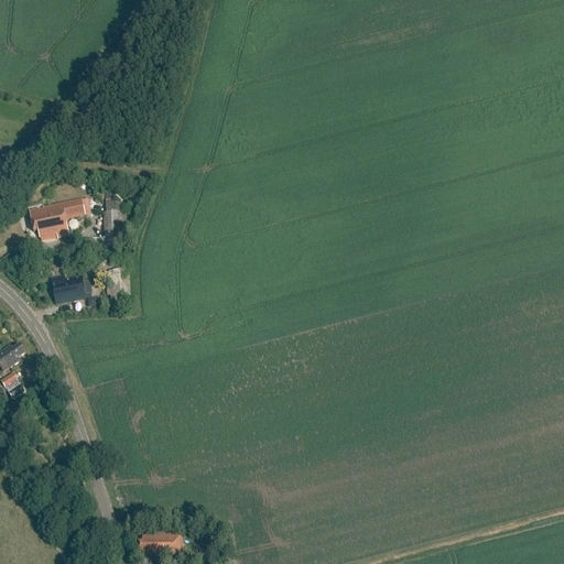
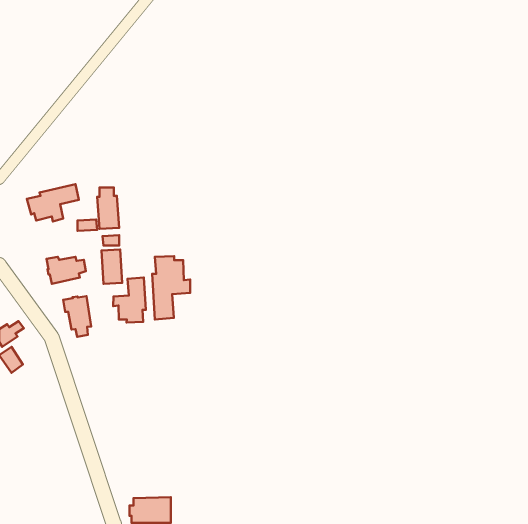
building: none -> [152,256,190,320]
building: none -> [113,277,146,322]
building: none -> [63,296,91,337]

